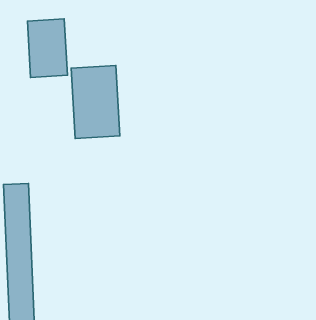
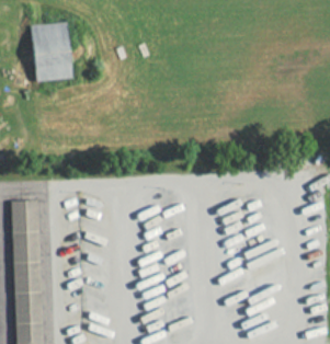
building: [71,65,120,138] -> none

